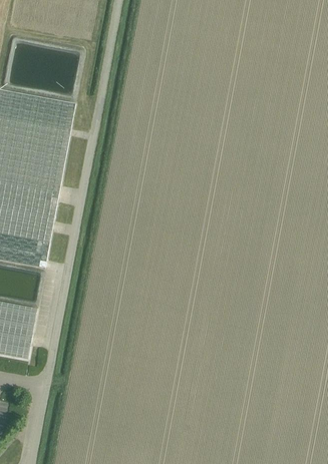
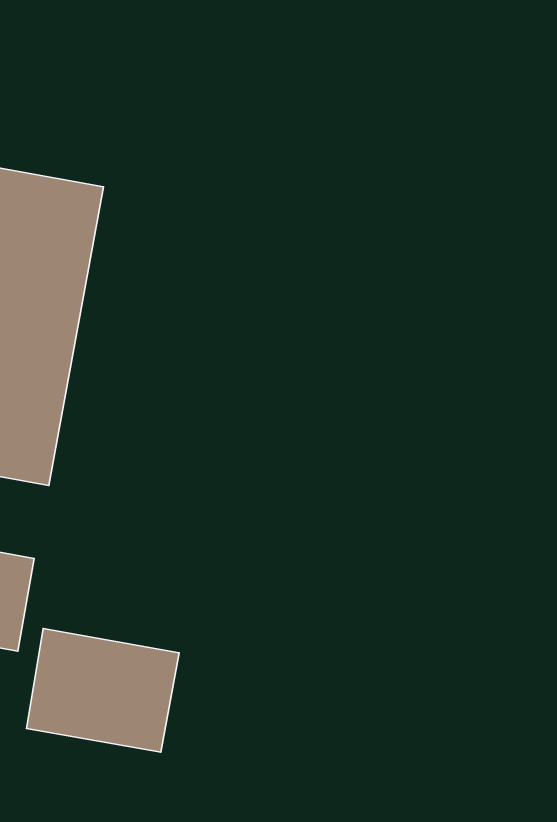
building: none -> [27,629,179,752]

